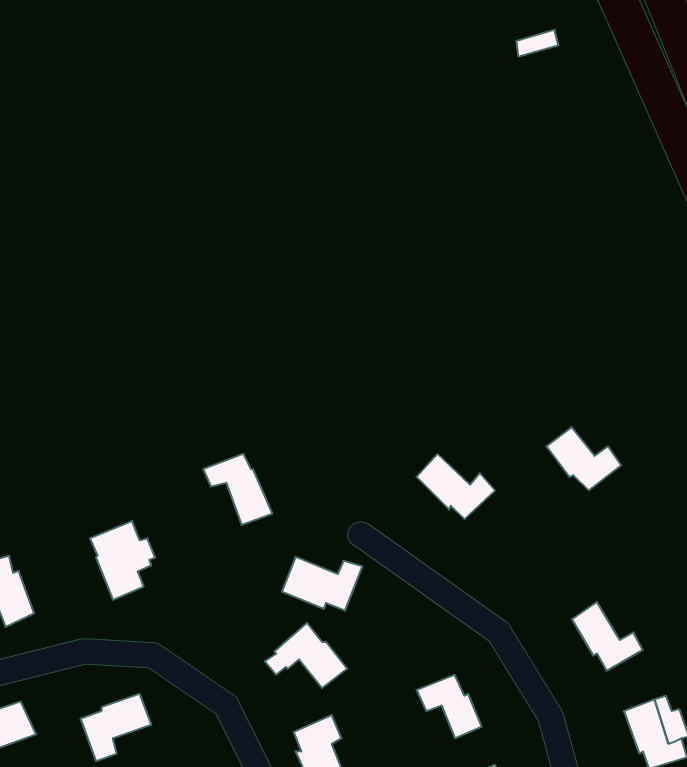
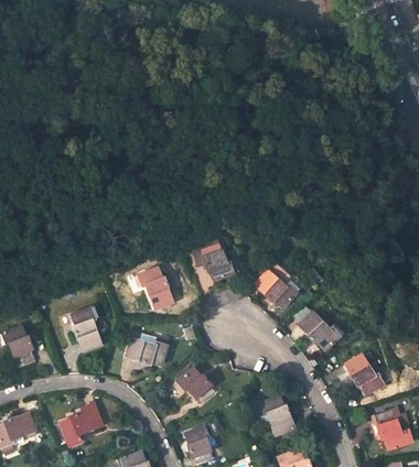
building: none -> [202,242,238,279]
building: [546,427,621,490] -> [299,314,342,350]
building: [282,557,363,611] -> [122,335,169,366]

